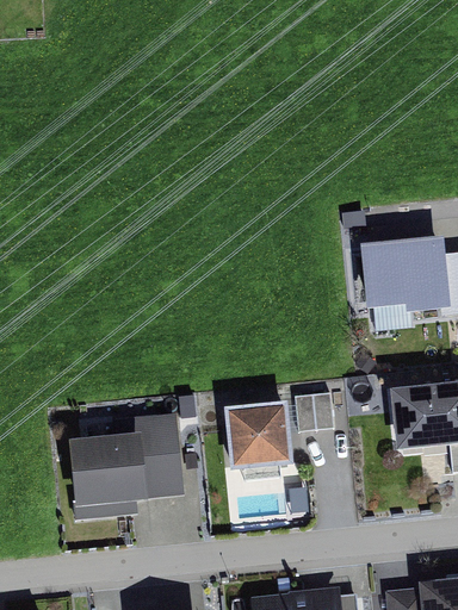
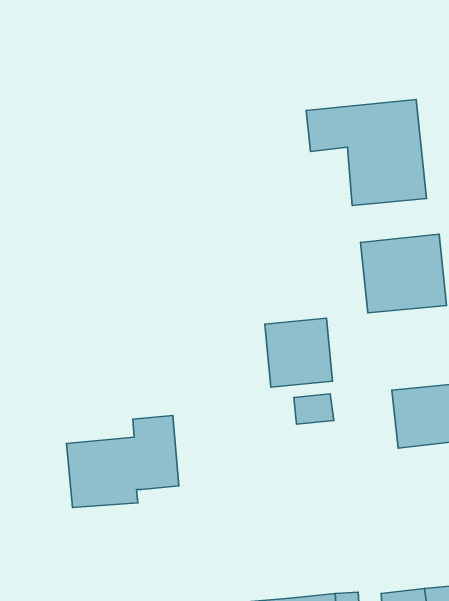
building: none -> [306,99,427,206]
building: [225,403,292,471] -> [265,318,333,387]

